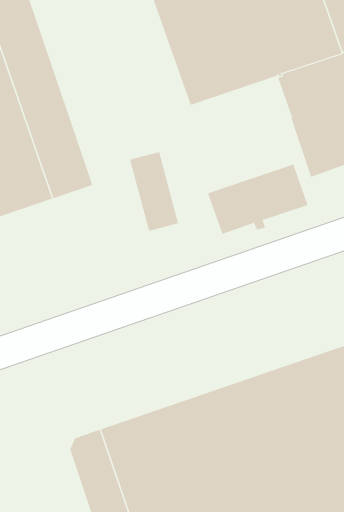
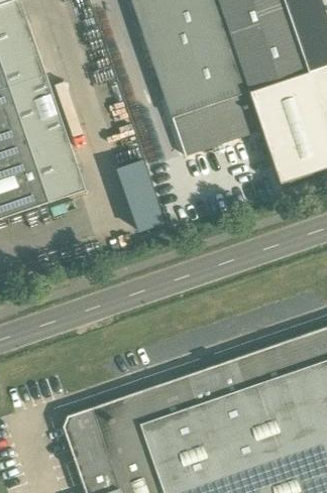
building: [207,164,309,235] -> [172,94,262,157]

